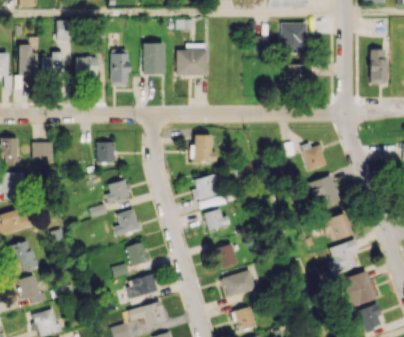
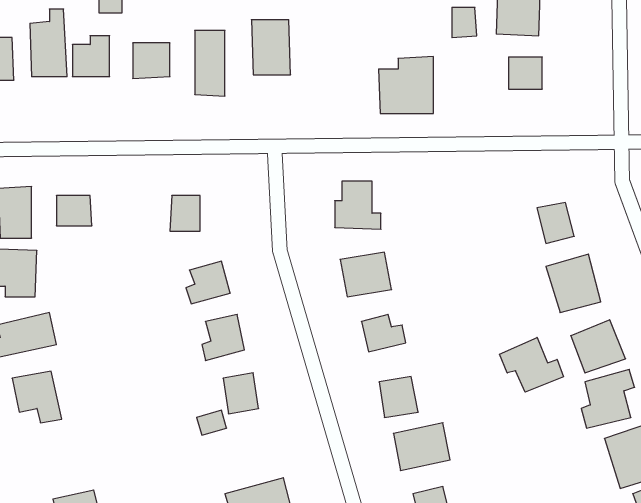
building: [176,43,207,75] -> [379,57,433,113]
building: none -> [500,337,564,392]
building: [127,274,157,297] -> none
building: [19,275,45,306] -> none

